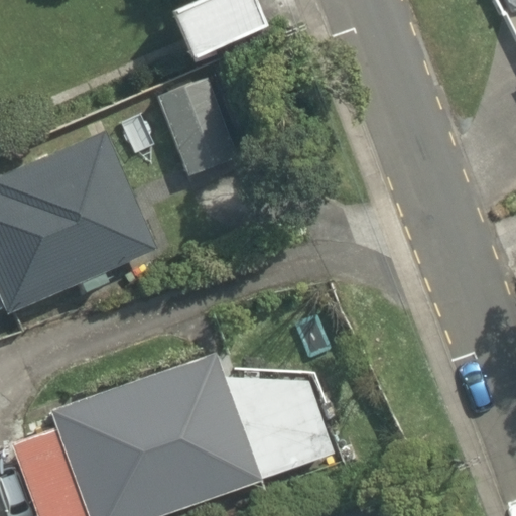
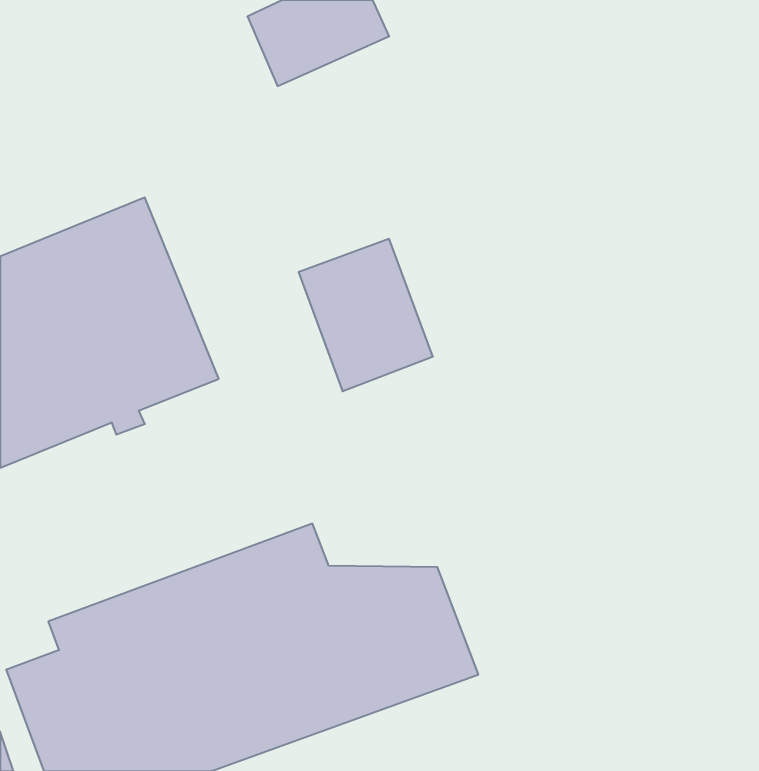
building: [158,75,248,176] -> [299,239,433,391]

